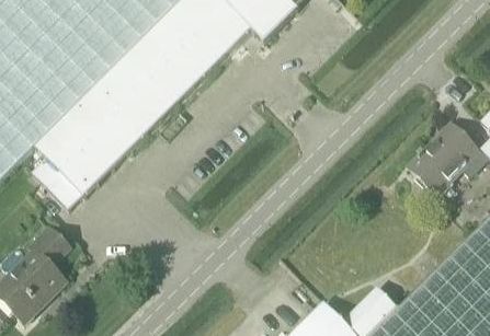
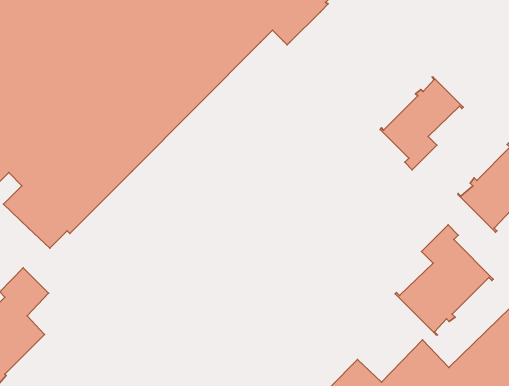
building: none -> [380,77,463,170]
building: none -> [395,225,493,335]

